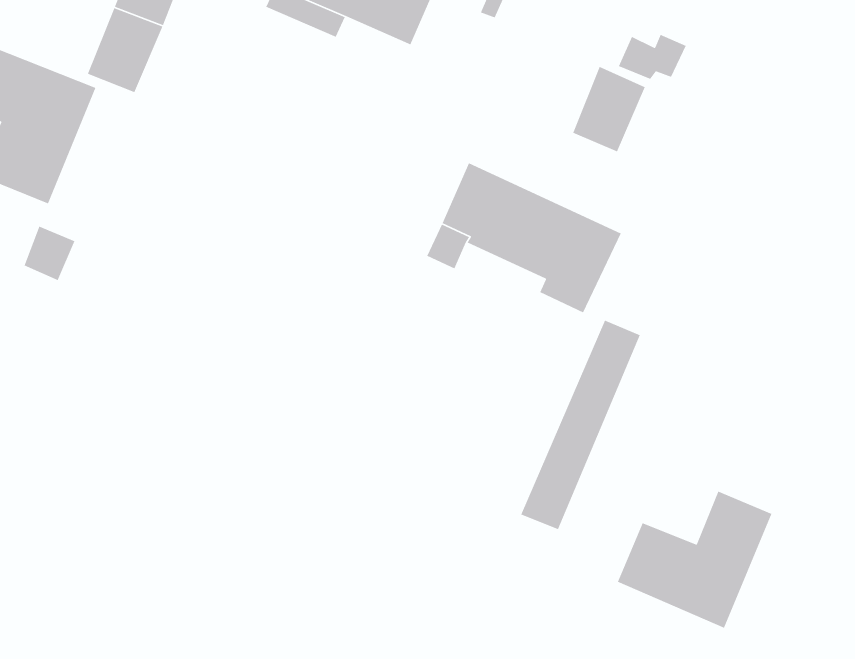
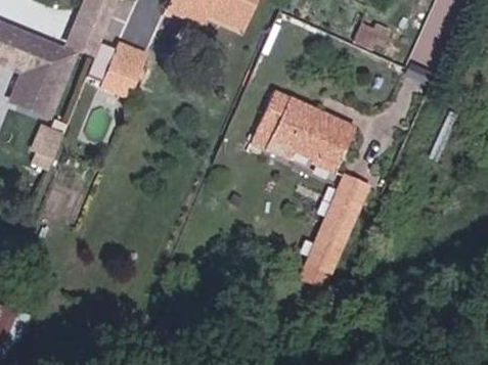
building: [572,66,646,153] -> none
building: none -> [99,44,145,96]
building: [617,490,773,629] -> none

